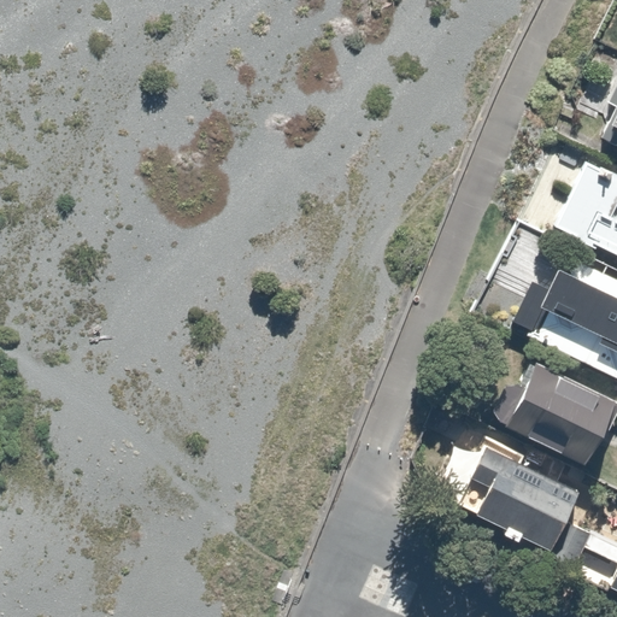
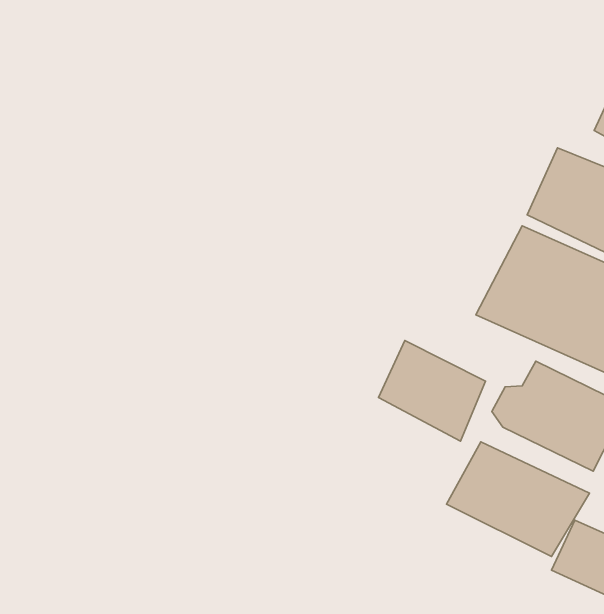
building: none -> [379,341,486,441]

